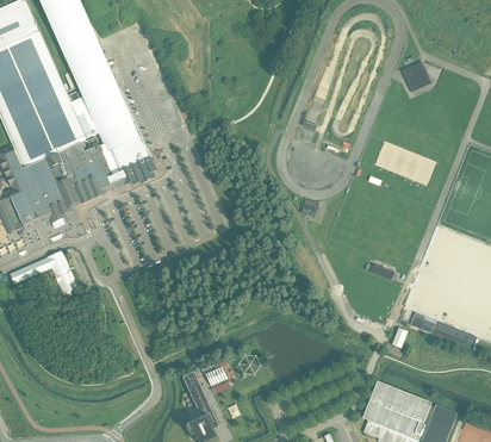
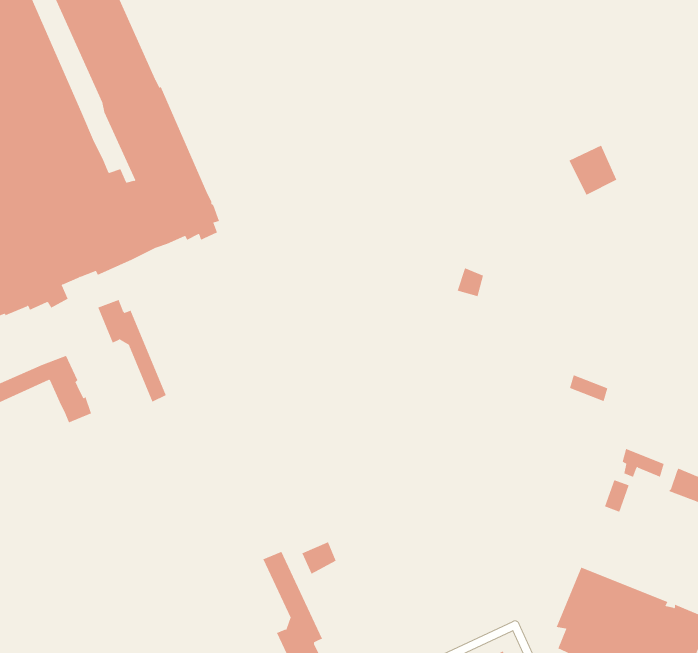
building: [400,61,430,92] -> [569,145,617,195]
building: none -> [97,299,166,403]

